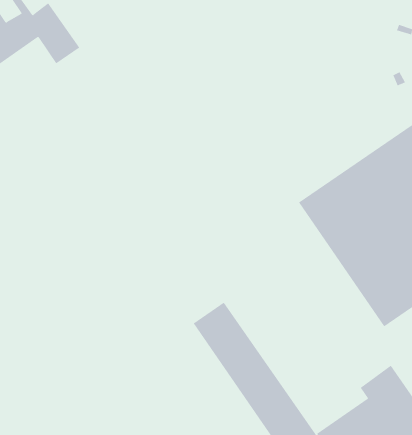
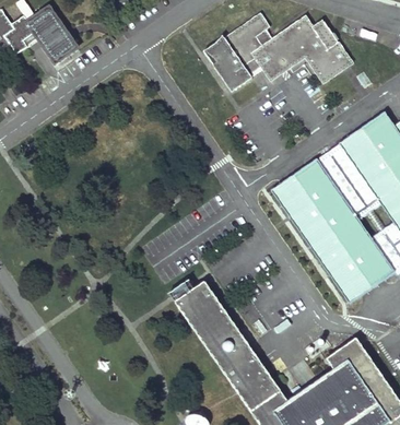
building: none -> [203,13,352,91]

